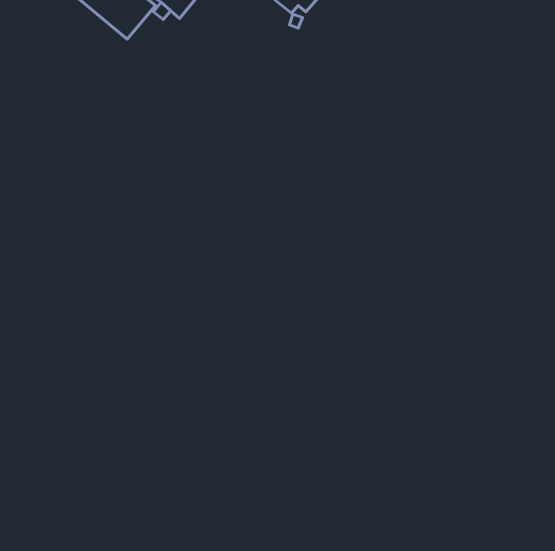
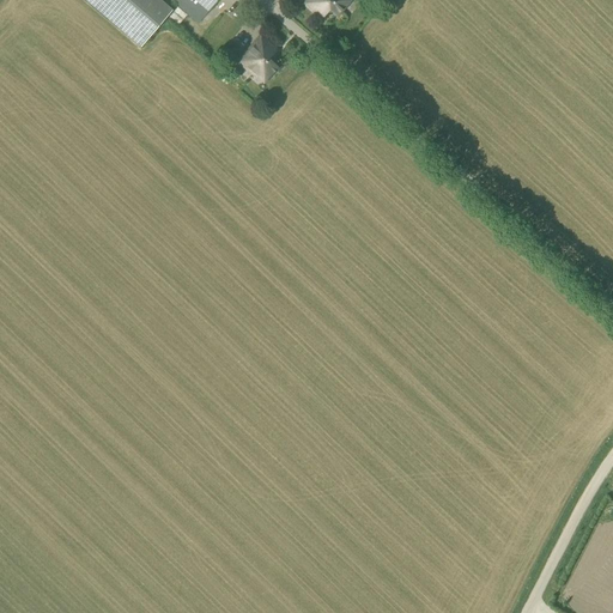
building: none -> [239,30,279,79]

